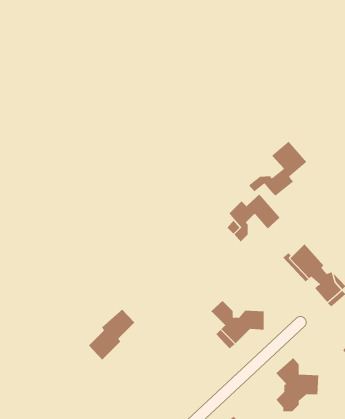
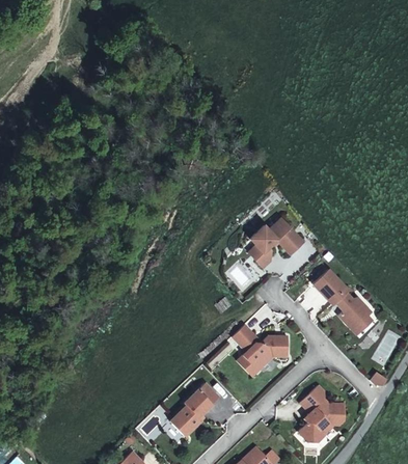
building: [248,141,307,196] -> none
building: [88,309,135,361] -> [170,383,219,437]

